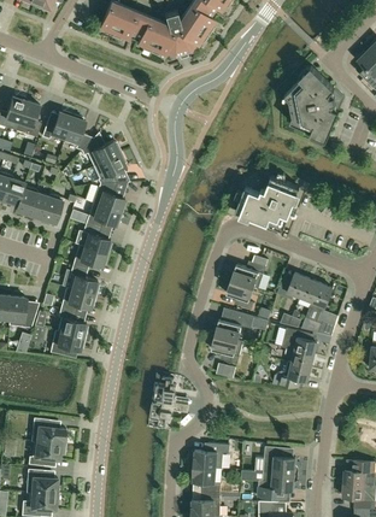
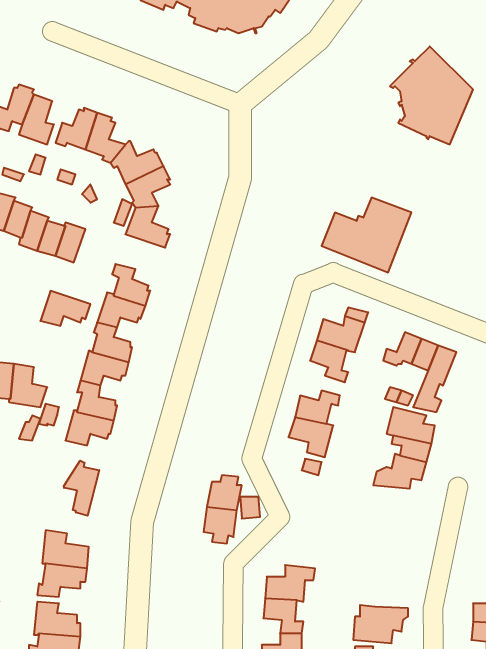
building: [86,202,122,228] -> [40,291,90,326]
building: none -> [64,461,99,516]
building: [264,446,299,474] -> none

